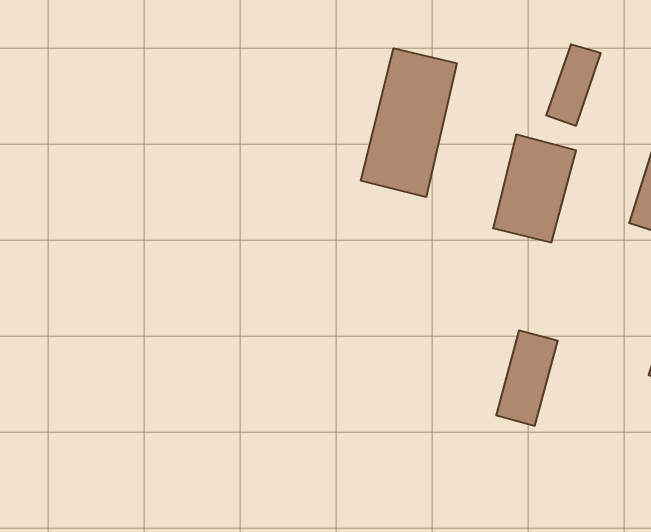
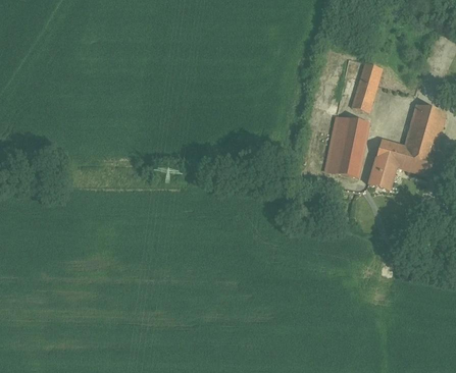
building: [361,48,457,197] -> none
building: [496,330,558,426] -> [366,140,402,195]

